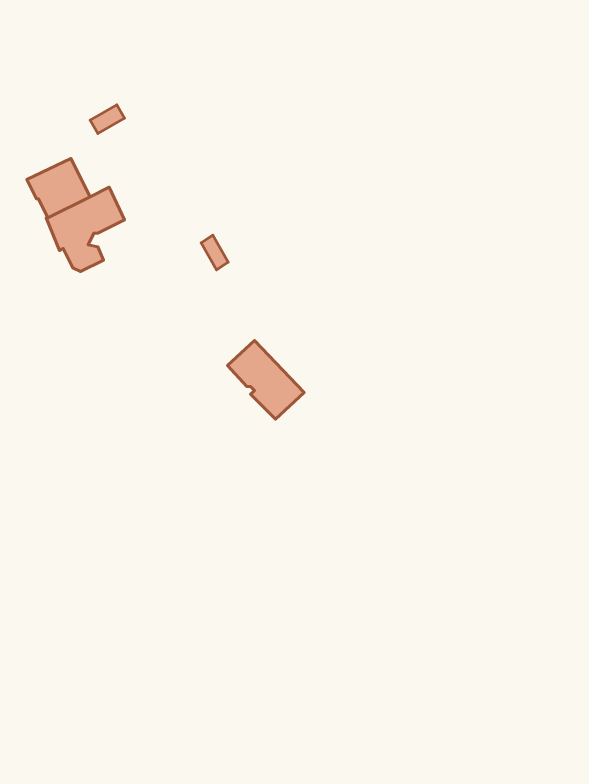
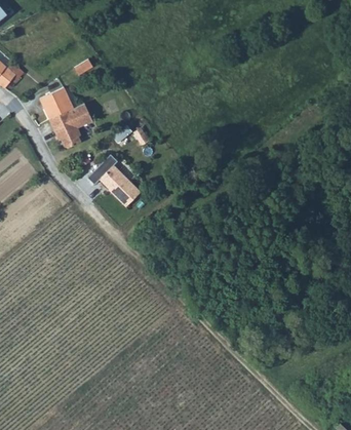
building: [228,341,304,419] -> [96,164,138,206]

